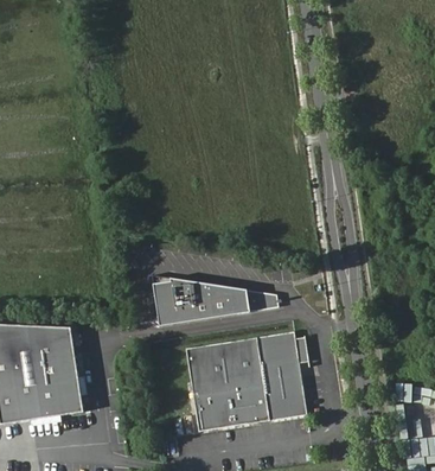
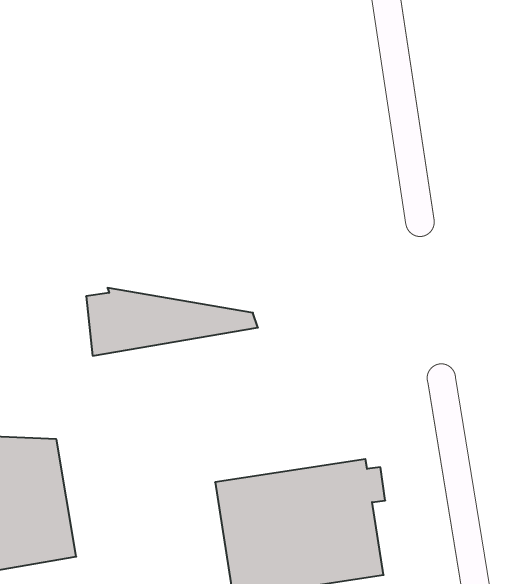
building: [154,273,277,322] -> [86,288,258,356]

